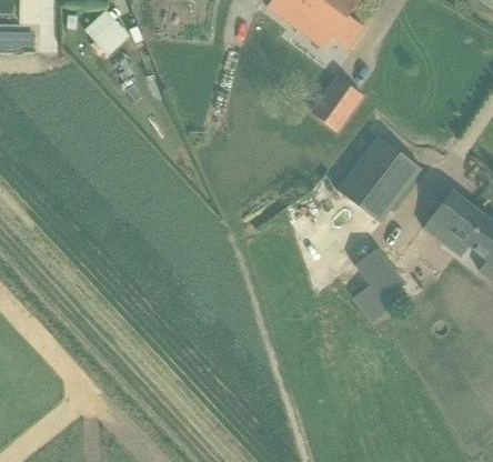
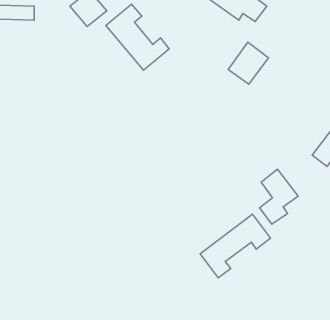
building: none -> [106,4,169,70]
building: [338,137,421,222] -> none
building: none -> [200,214,271,278]

